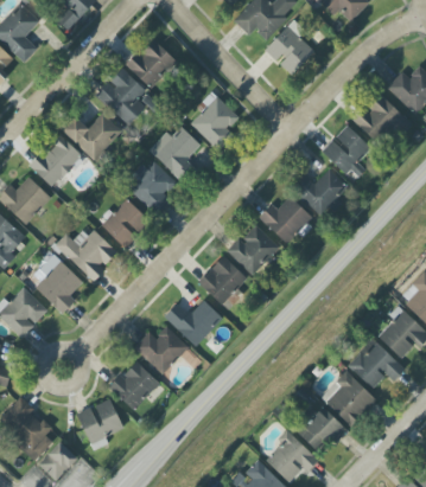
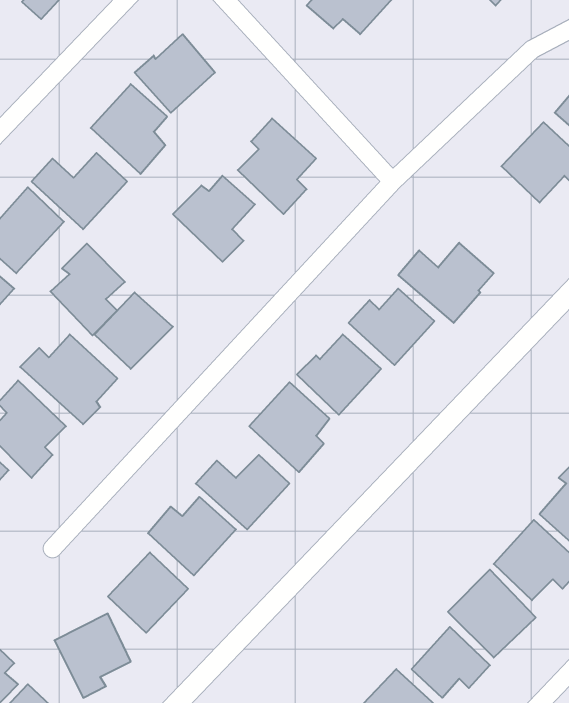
building: [265,25,314,75] -> none
building: [323,124,371,181] -> none
building: [129,159,176,216] -> [50,244,125,335]

